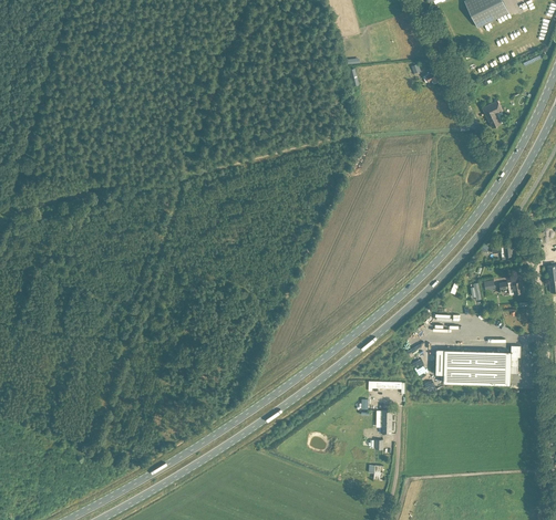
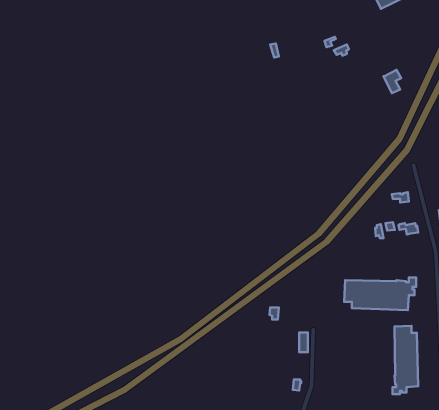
building: none -> [392,326,418,394]

